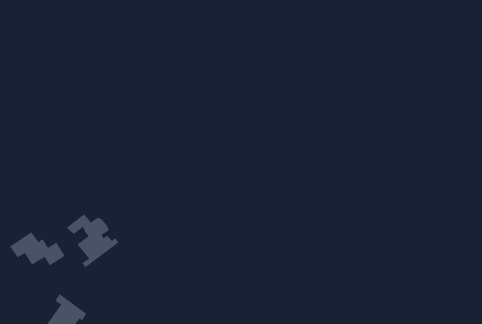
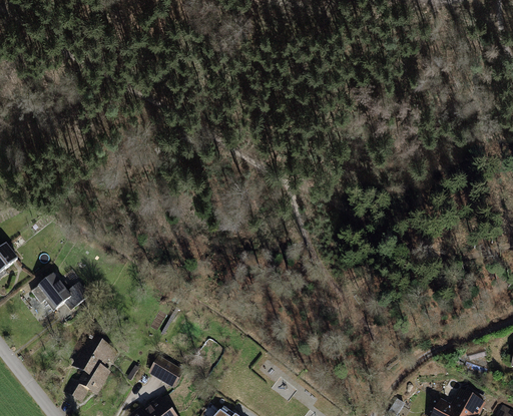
building: [66,213,119,268] -> none

